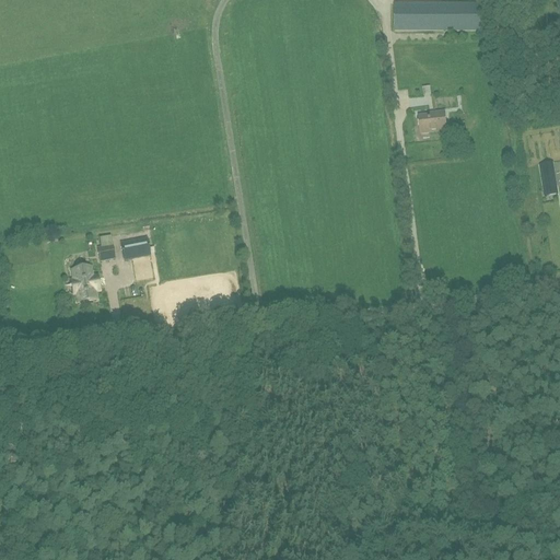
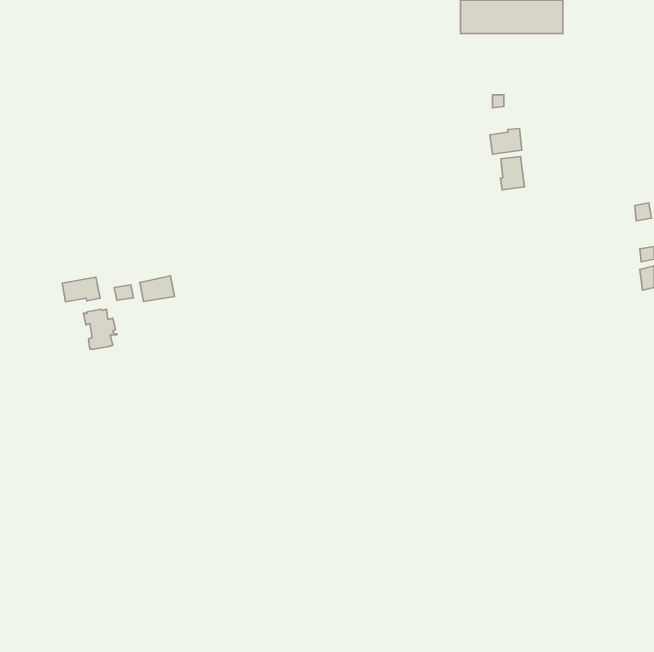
building: none -> [500,156,524,190]
building: none -> [62,277,100,302]

